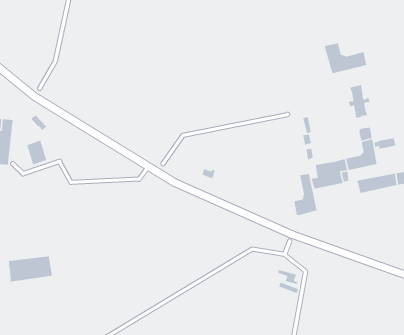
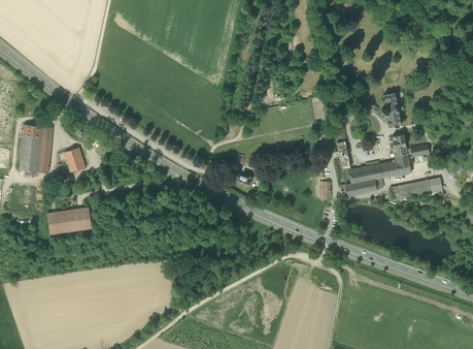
building: [324,43,367,74] -> none
building: [294,173,318,216] -> none
building: [8,255,53,283] -> [47,207,92,233]

